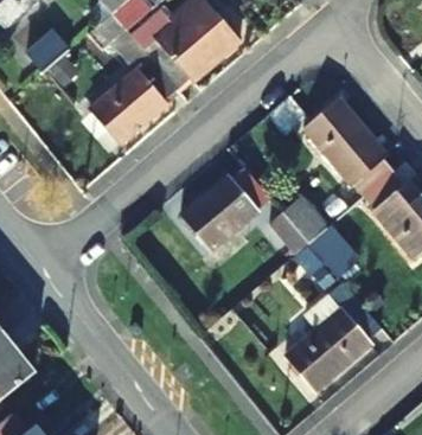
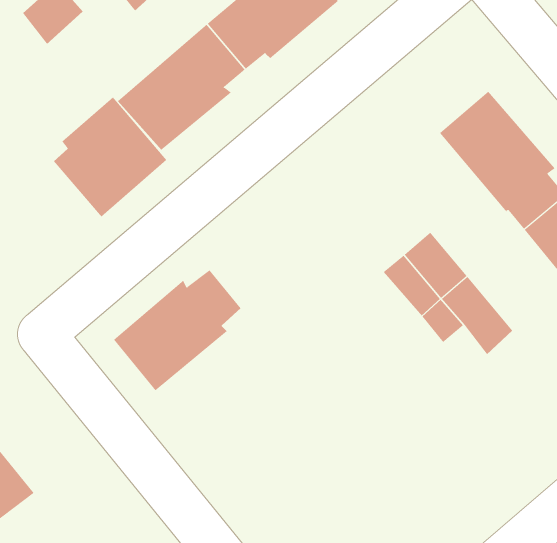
building: none -> [53,96,167,218]
building: [181,168,268,250] -> [113,269,242,391]
building: [287,293,381,390] -> none

